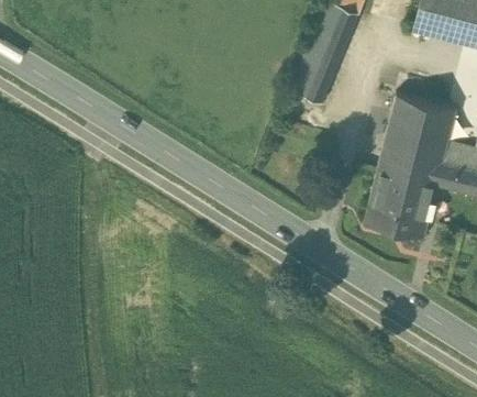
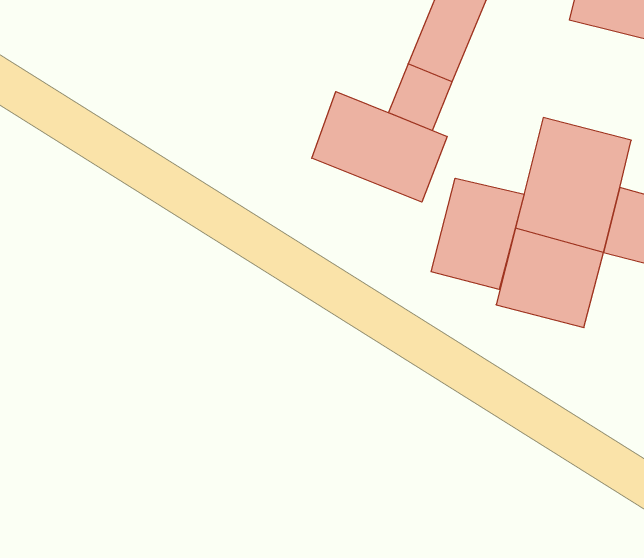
building: none -> [312,92,447,202]
building: none -> [431,178,524,289]

